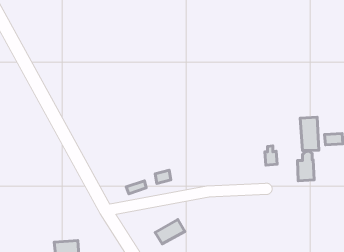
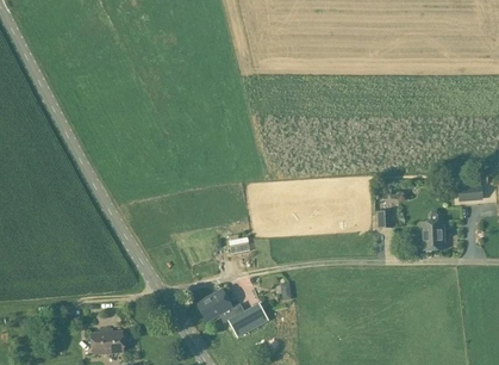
building: [300,117,319,151] -> none
building: none -> [195,285,232,322]

